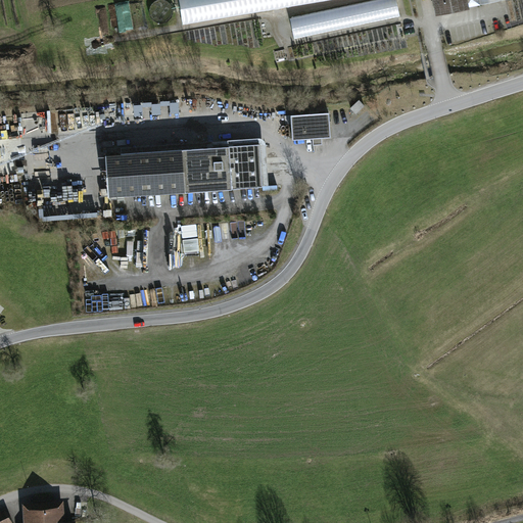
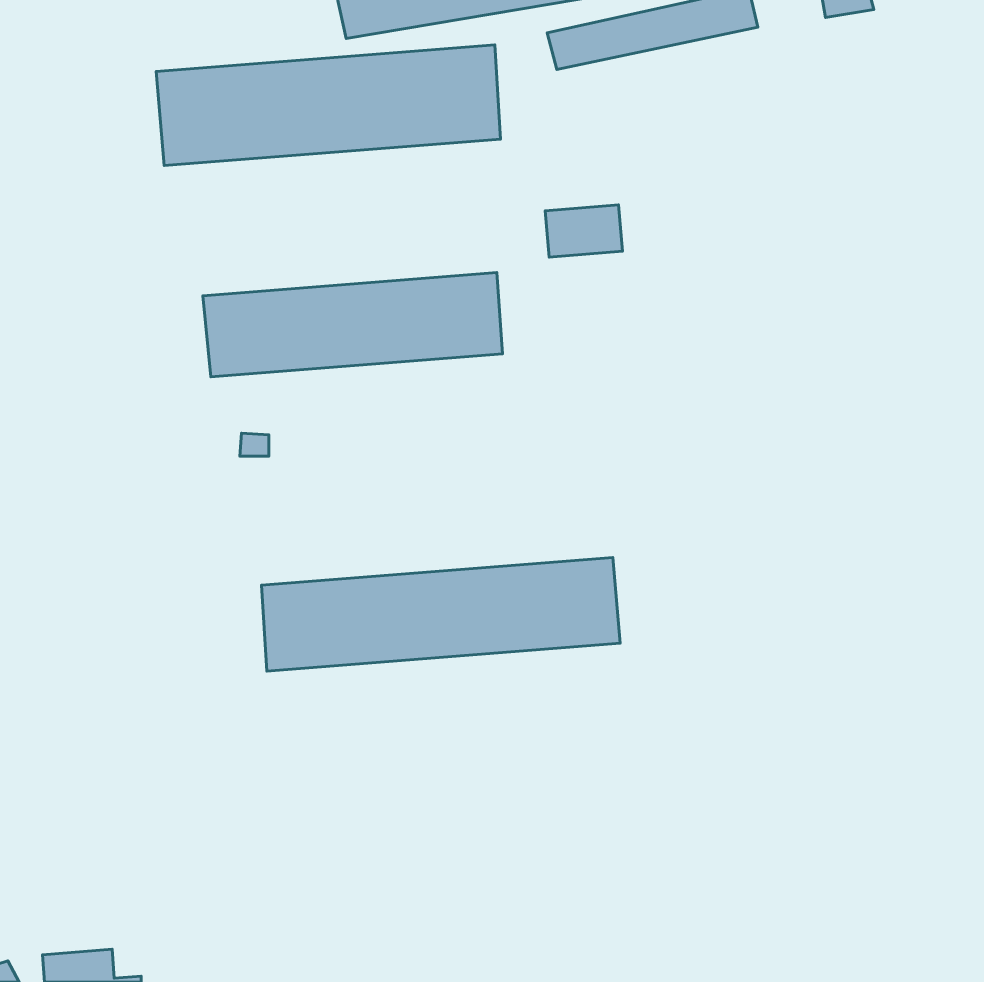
building: none -> [156,45,501,166]
building: none -> [262,558,620,671]

